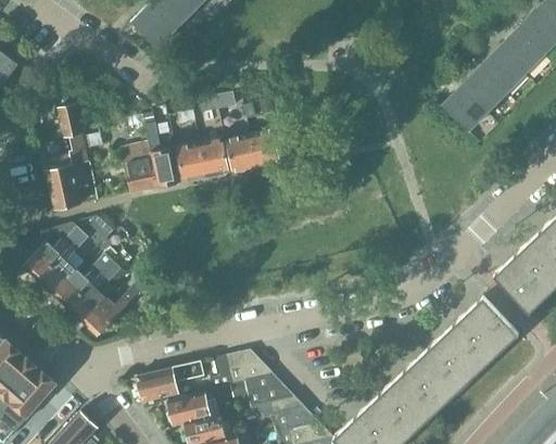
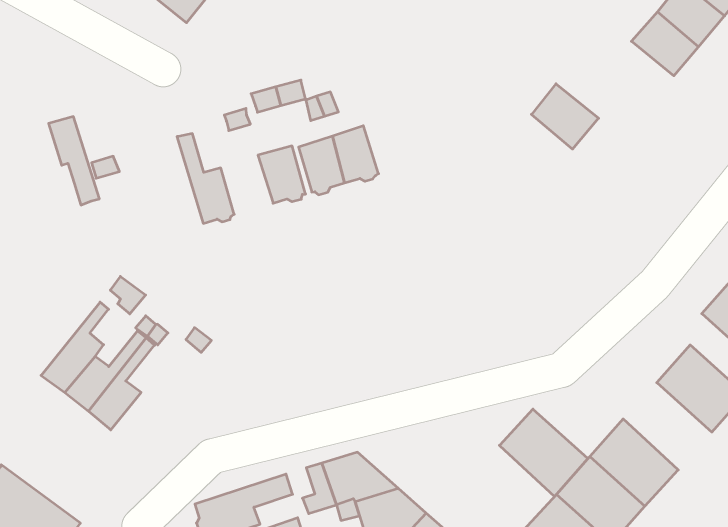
building: [442,86,488,131] -> [531,84,599,149]
building: [176,142,206,182] -> none
building: [121,143,157,194] -> none
building: [42,151,88,211] -> none
building: [24,224,83,280] -> none
building: [83,283,141,335] -> none
building: [433,320,493,381] -> [499,409,588,496]

